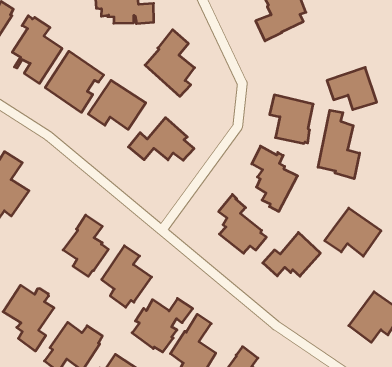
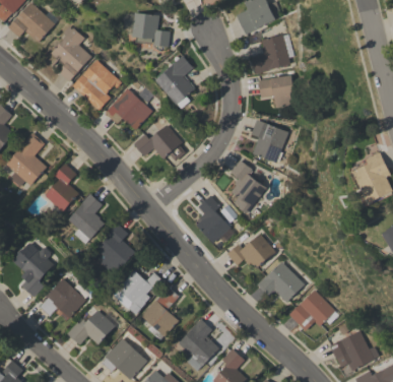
building: [327,67,377,110] -> [258,74,296,107]
building: [318,110,360,179] -> none
building: none -> [45,163,79,211]
building: [325,208,381,256] -> [257,261,304,302]

